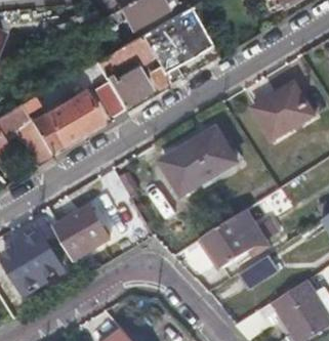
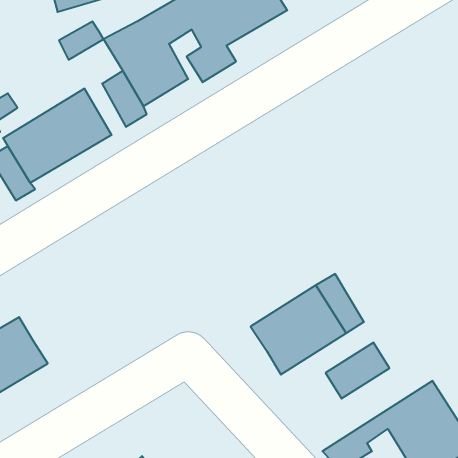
building: [257,85,317,140] -> none
building: [164,132,238,197] -> none
building: [54,209,111,262] -> none

